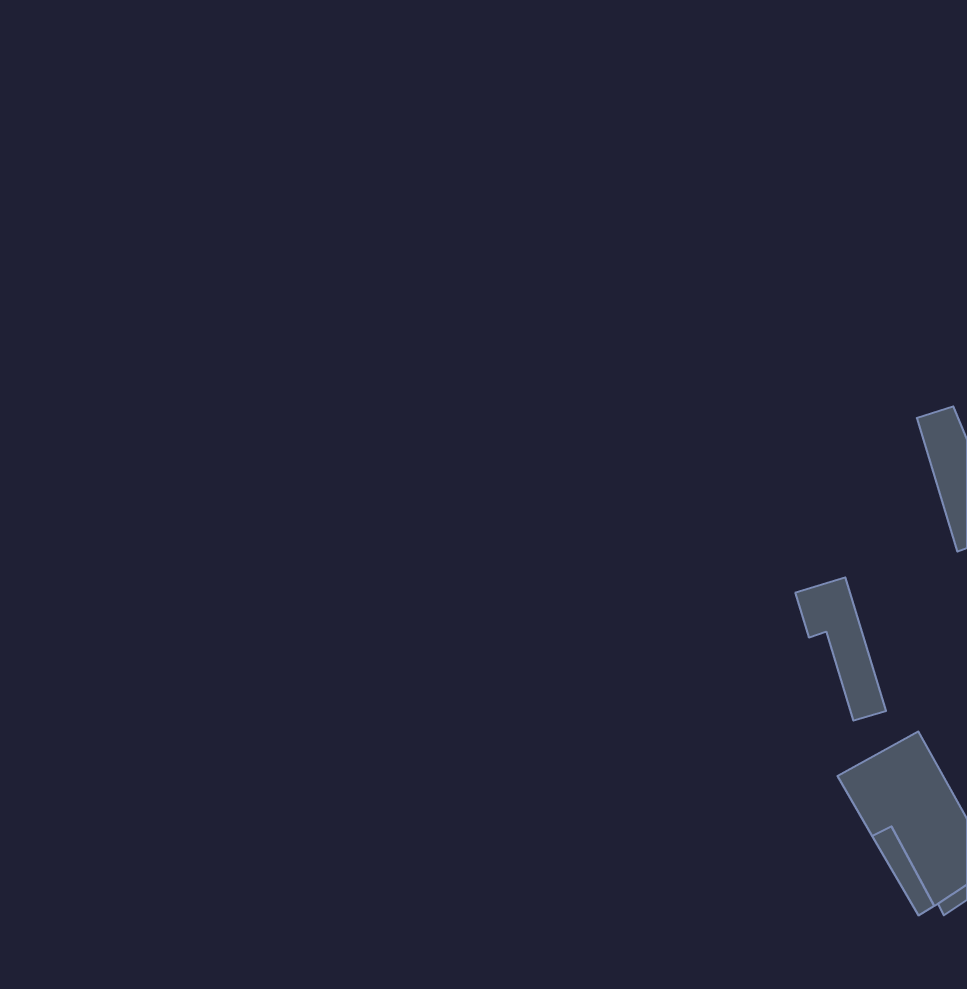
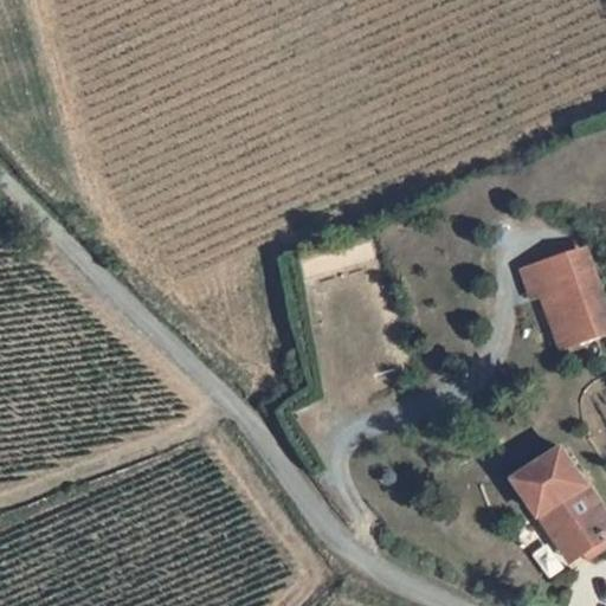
building: [795,577,886,721] -> [530,256,586,343]

